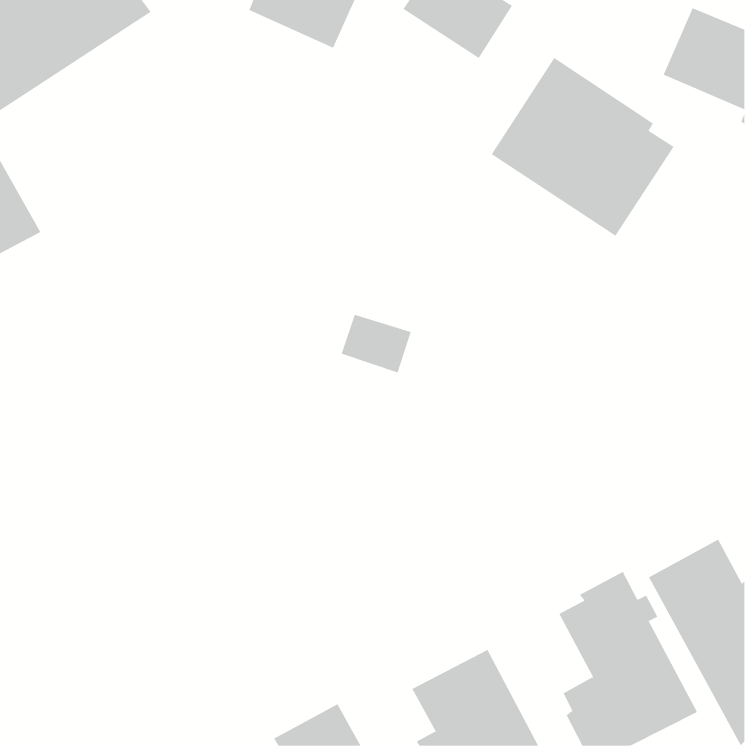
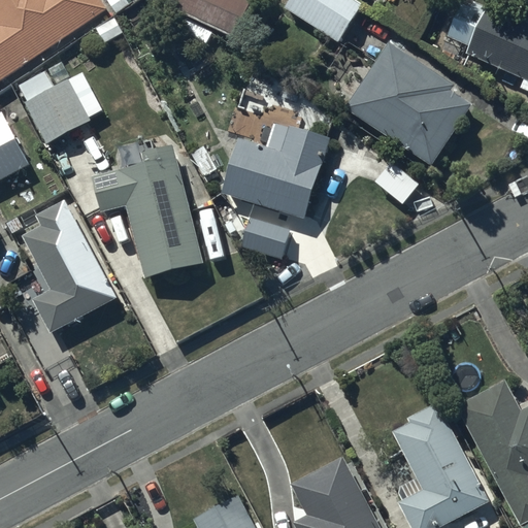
building: none -> [18,68,93,144]
building: none -> [221,122,331,220]
building: none -> [93,144,202,276]
building: none -> [22,199,117,332]

